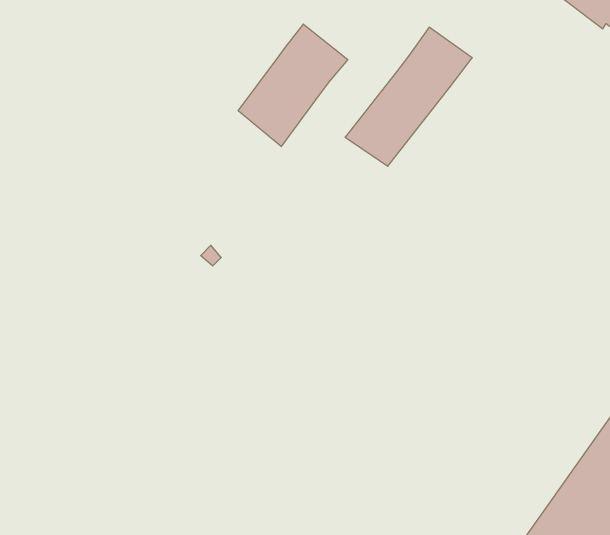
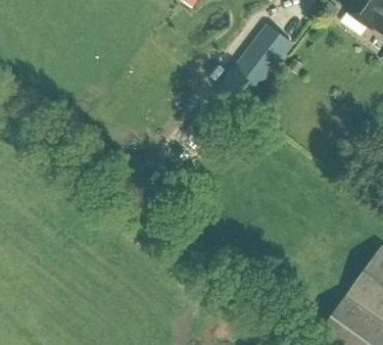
building: [238,24,348,147] -> none

